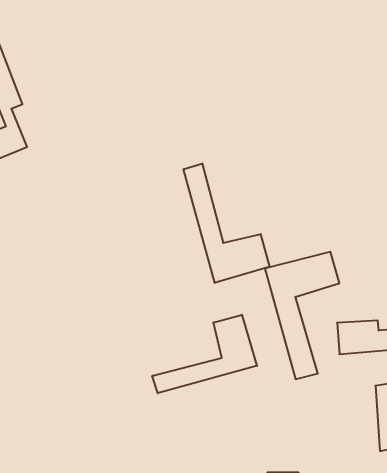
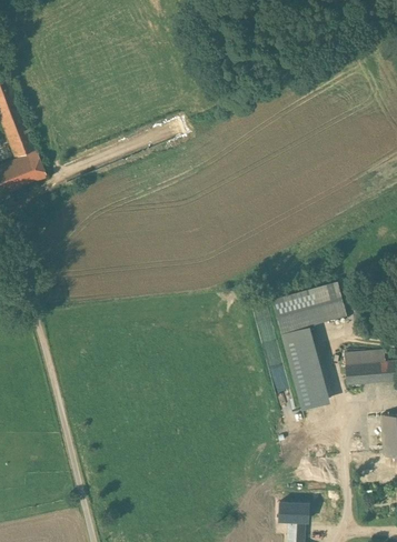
building: [184,163,269,283] -> none
building: [152,315,257,393] -> none

